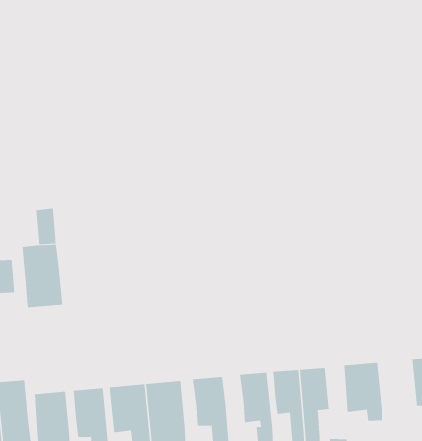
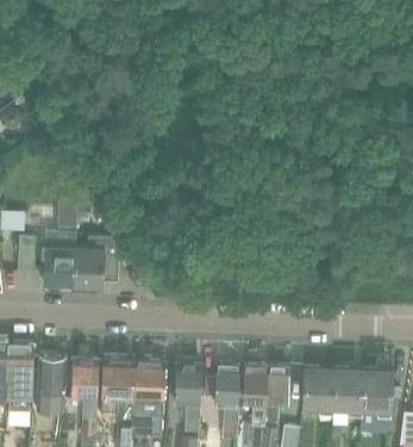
building: none -> [74,237,125,286]
building: none -> [333,368,363,418]

